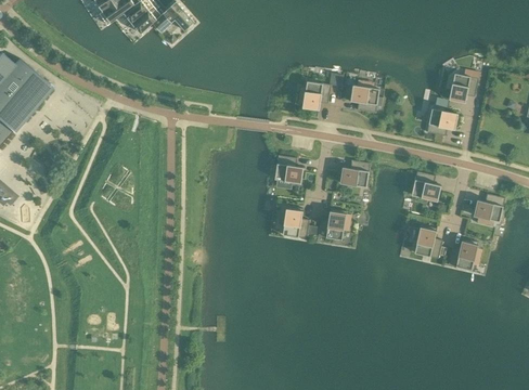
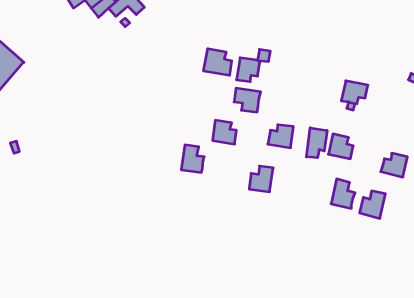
building: none -> [204,49,232,75]
building: [449,74,478,102] -> none
building: [348,84,379,113] -> [234,88,261,112]
building: none -> [306,128,327,158]
building: [282,206,309,238] -> [181,145,204,172]

